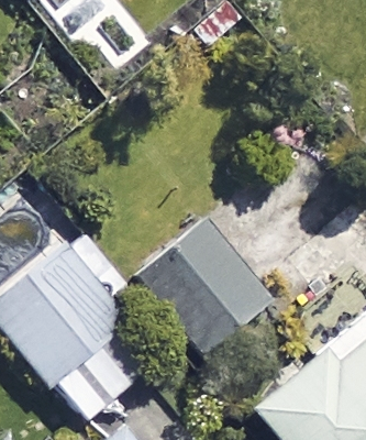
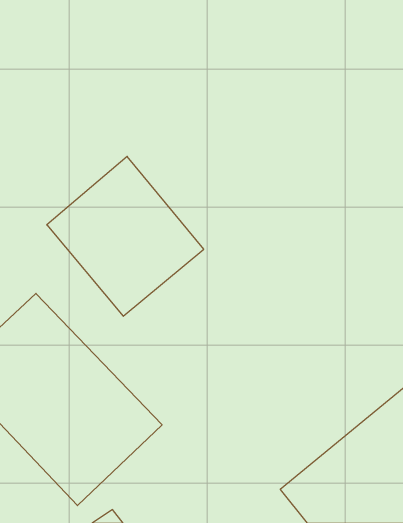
building: [142,222,270,353] -> [47,156,204,316]

